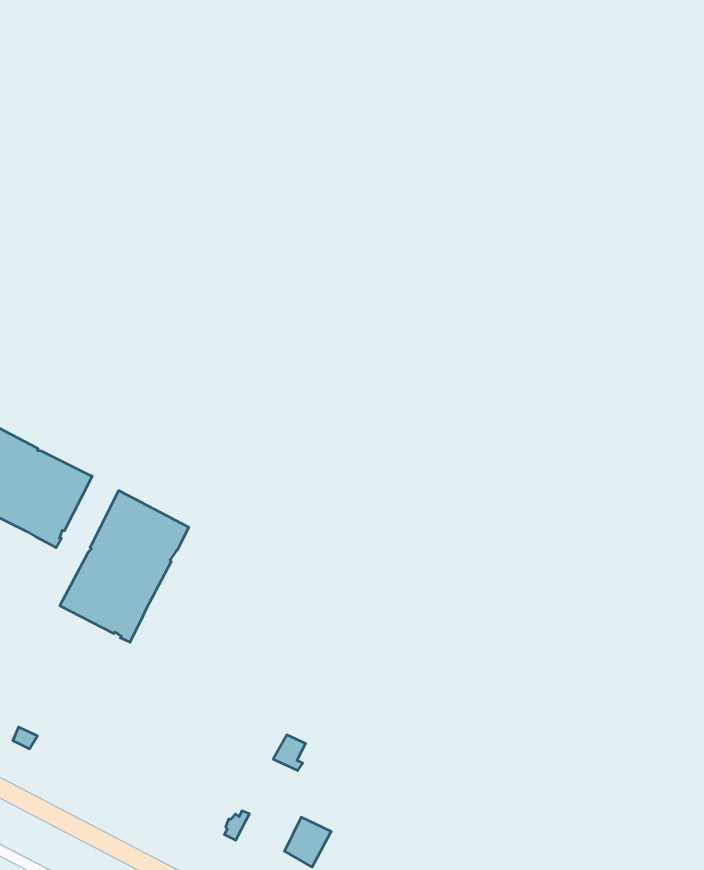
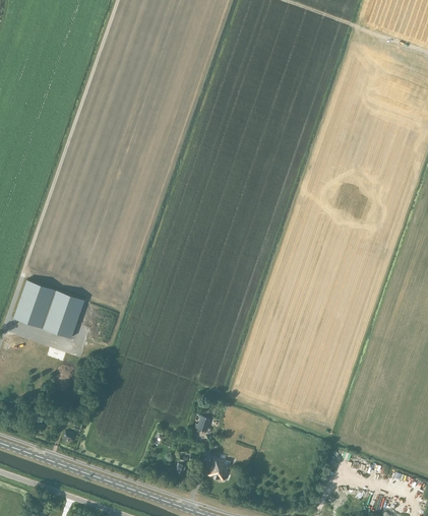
building: [60,491,189,642] -> none

